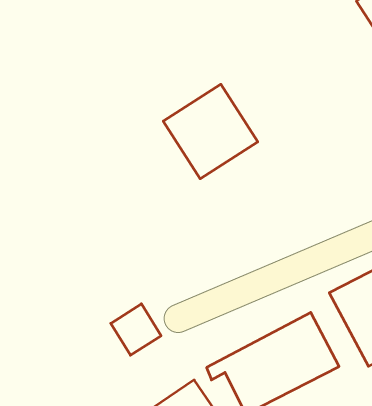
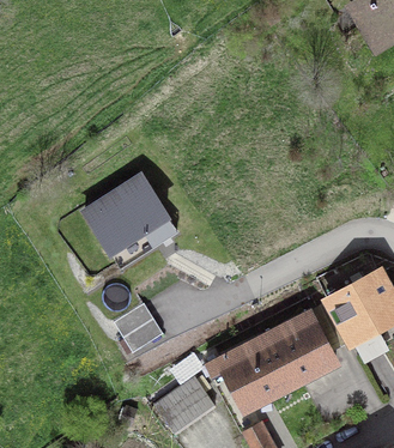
building: [163,84,258,179] -> [84,176,176,268]

